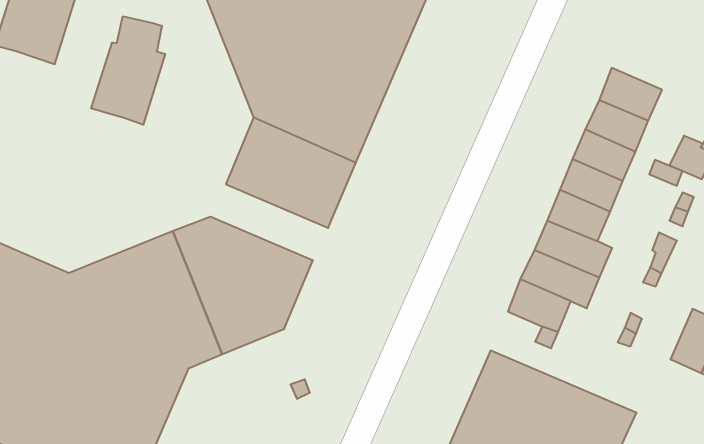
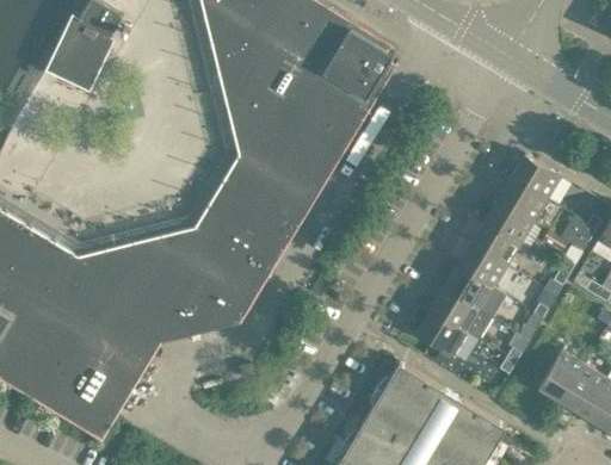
building: [91,16,165,125] -> none
building: none -> [193,204,284,273]

